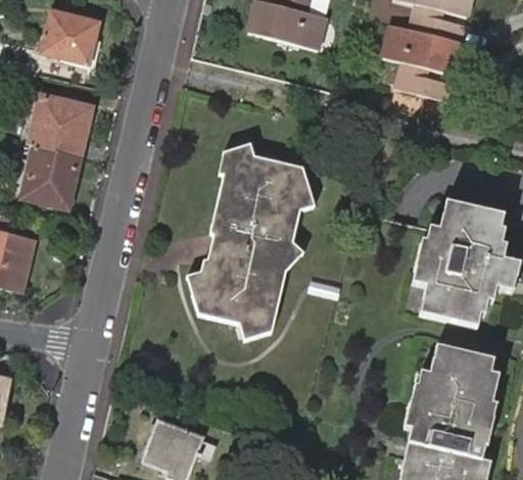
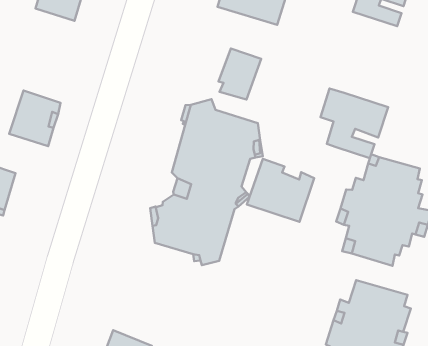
building: [385,28,463,105] -> [321,88,388,158]
building: none -> [219,48,261,100]
building: [18,93,90,158] -> none
building: none -> [247,159,314,222]

